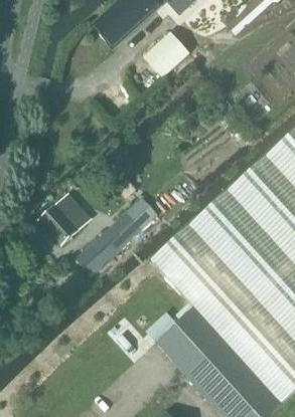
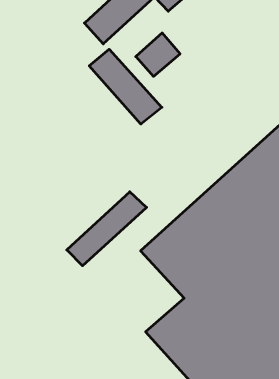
building: none -> [89,49,162,124]
building: [39,193,91,243] -> none

